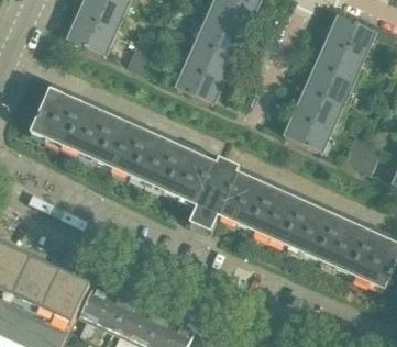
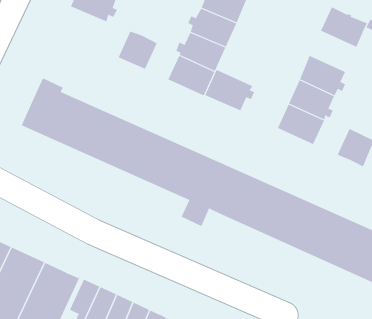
building: [68,14,115,55] -> none
building: [317,38,365,79] -> none
building: none -> [204,69,255,111]

